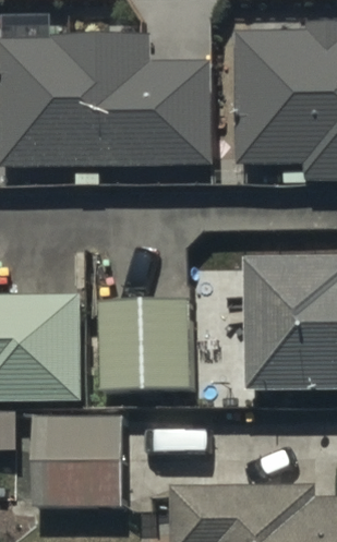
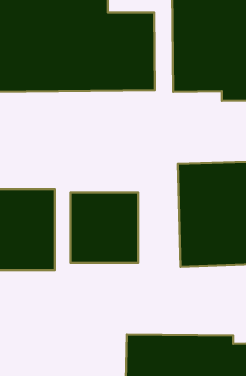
building: [31,408,124,505] -> none

